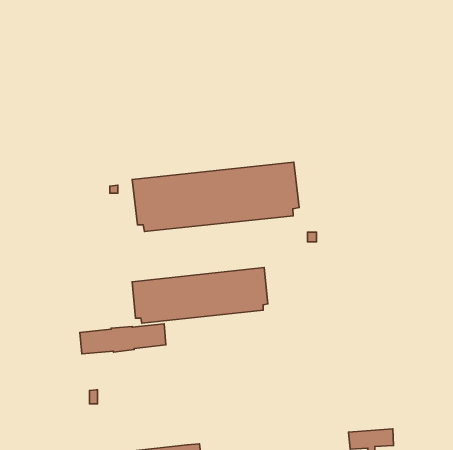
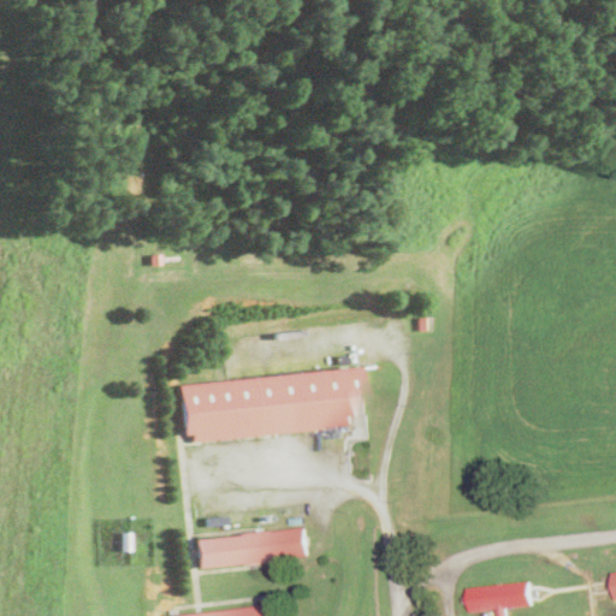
building: [132,162,299,231] -> none
building: [80,324,166,354] -> [196,528,313,569]

